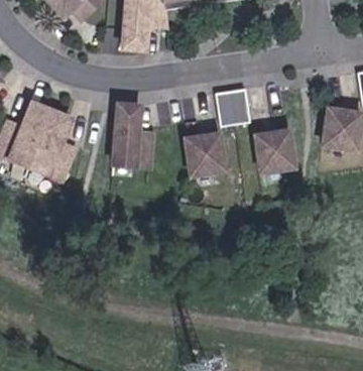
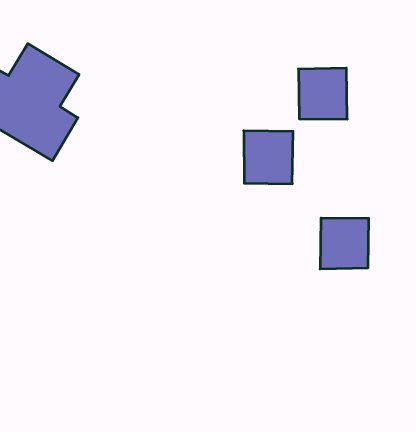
building: [115,104,152,166] -> none
building: [259,133,295,171] -> [320,218,369,269]

